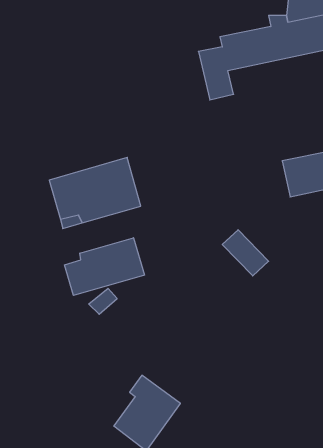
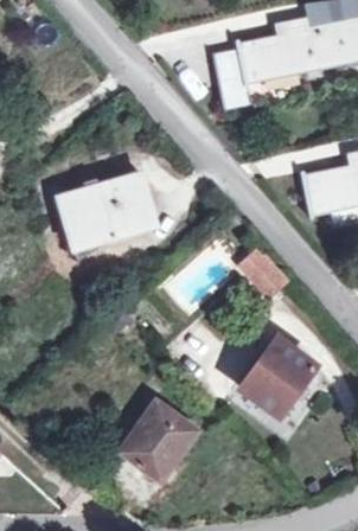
building: [65,238,145,295] -> none
building: none -> [242,339,314,416]

